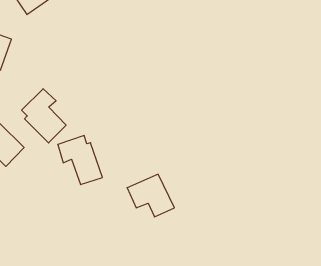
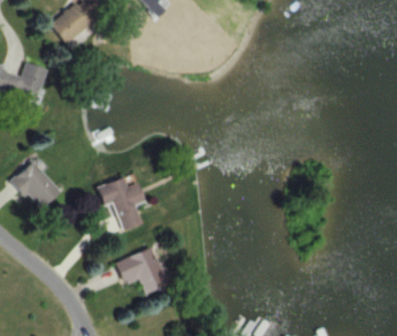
building: [22,89,66,143] -> none
building: [127,174,174,217] -> [116,247,168,295]

